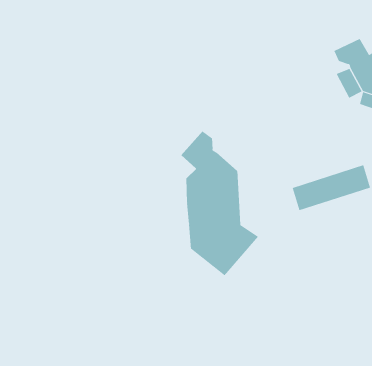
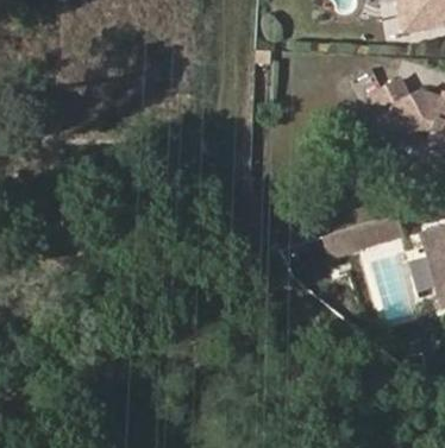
building: [181,131,259,276] -> none

